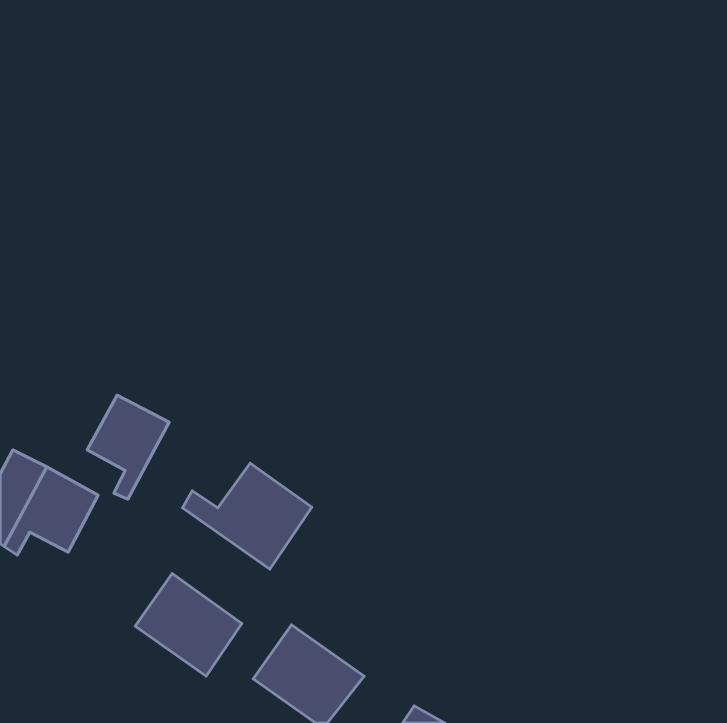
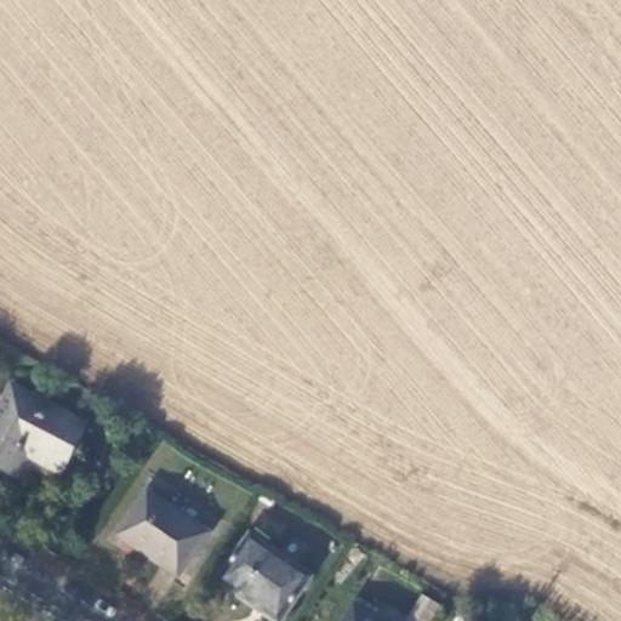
building: [87,395,169,499] -> none
building: [182,463,312,569] -> none

